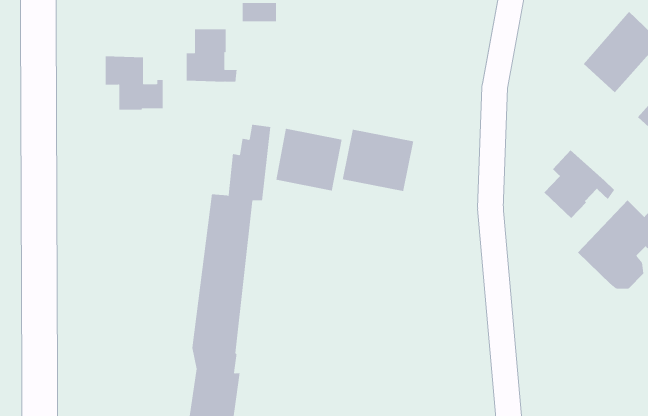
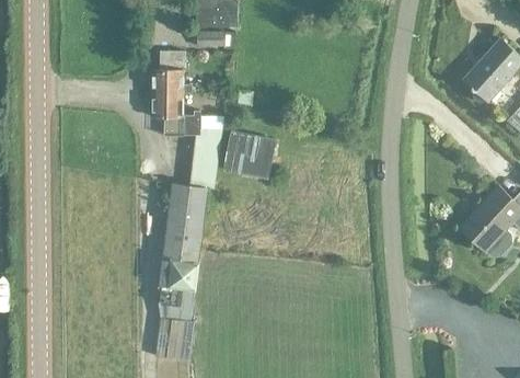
building: [105,56,163,110] -> [153,92,199,135]
building: [342,129,414,192] -> none
building: [544,150,615,219] -> none

